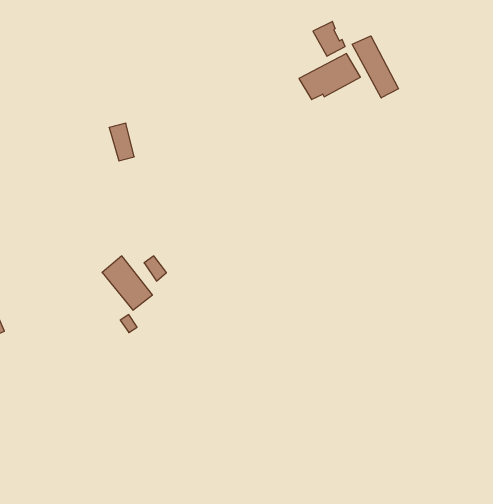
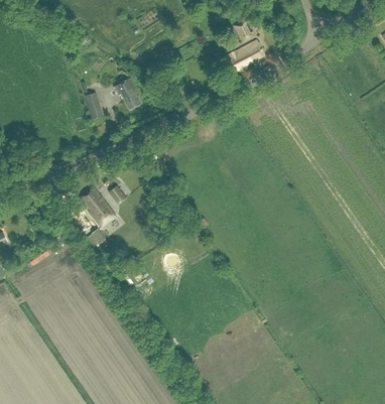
building: [352,36,398,98] -> none
building: none -> [113,77,140,109]

